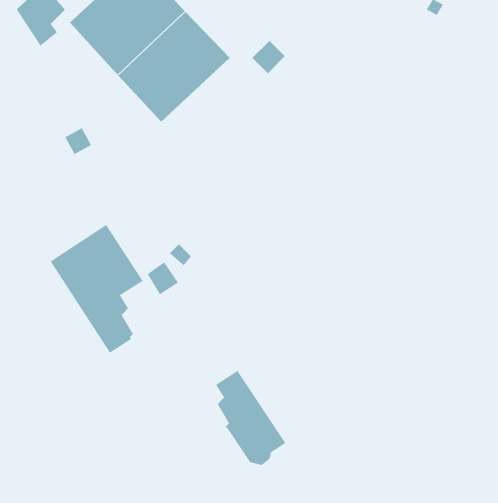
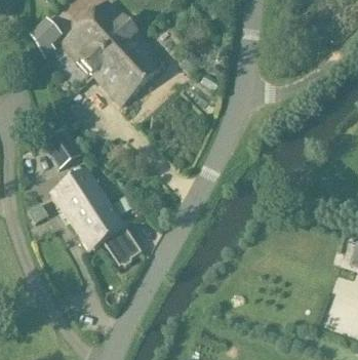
building: none -> [42,128,82,170]
building: [215,370,286,465] -> [96,205,142,266]

